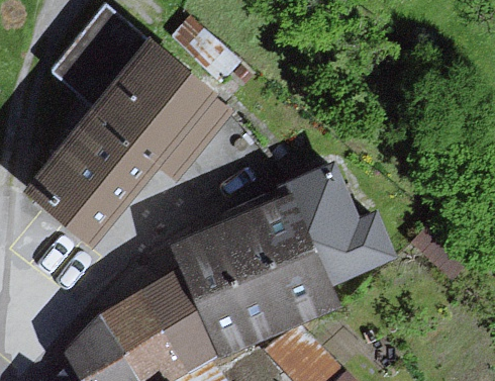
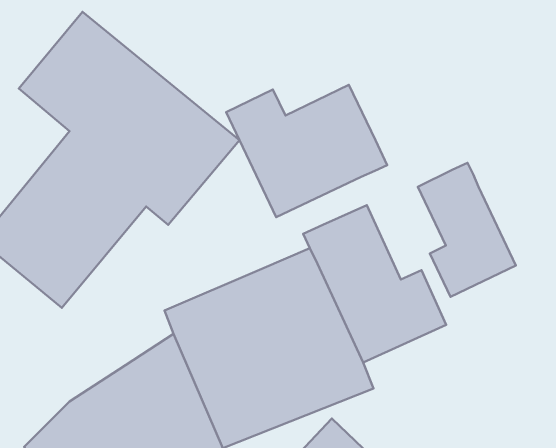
building: none -> [226,85,387,217]
building: none -> [418,163,516,297]

